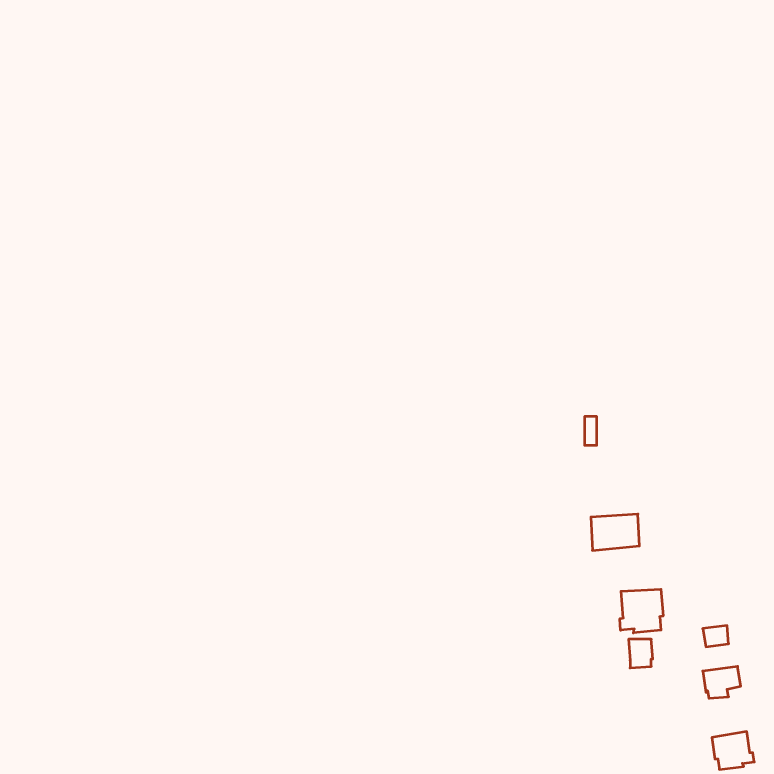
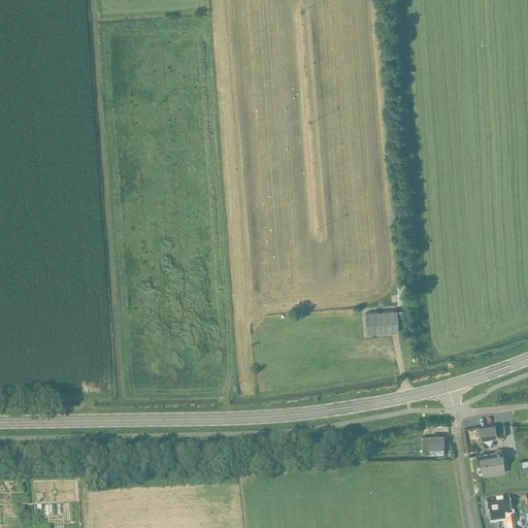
building: [591,514,639,550] -> [365,310,398,335]
building: [620,589,663,633] -> none

